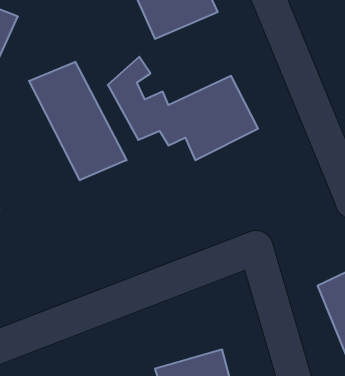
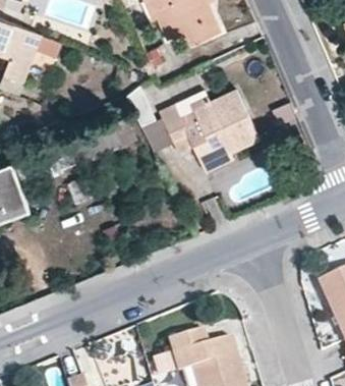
building: [29,62,127,180] -> none

